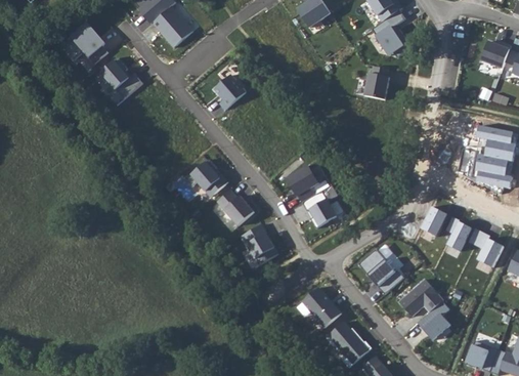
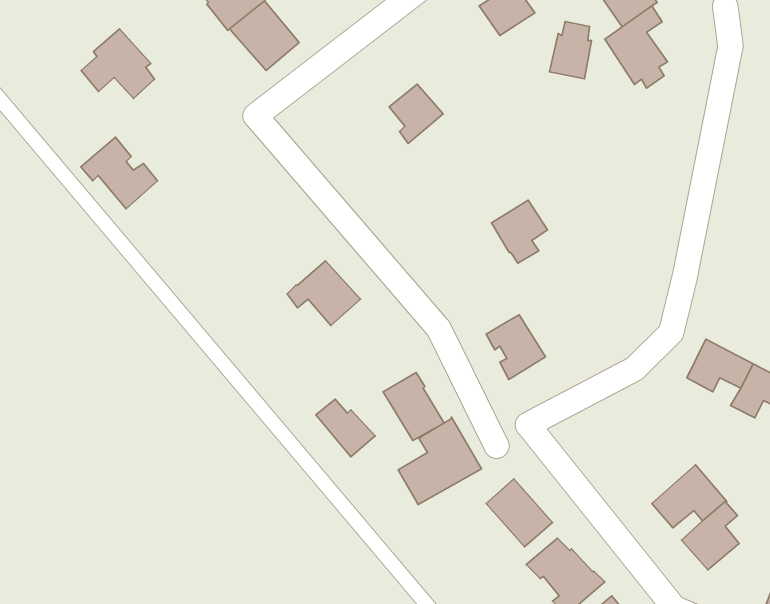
building: [97,57,142,99] -> [81,137,157,209]
building: [364,66,389,99] -> [549,21,591,79]
building: [214,75,246,110] -> [389,84,443,144]
building: [287,165,319,202] -> [492,200,547,263]
building: [219,190,254,223] -> [316,399,375,457]
building: [357,248,404,294] -> none
building: none -> [398,417,481,504]

